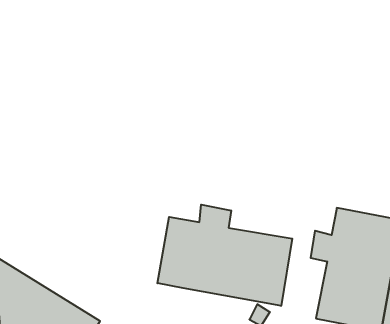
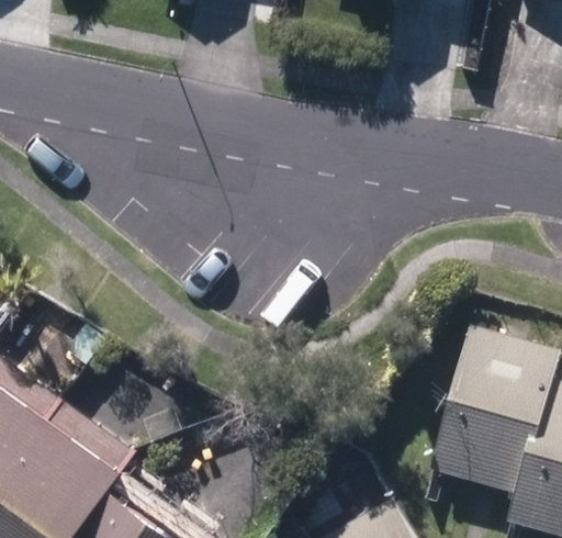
building: [157,205,292,306] -> none

